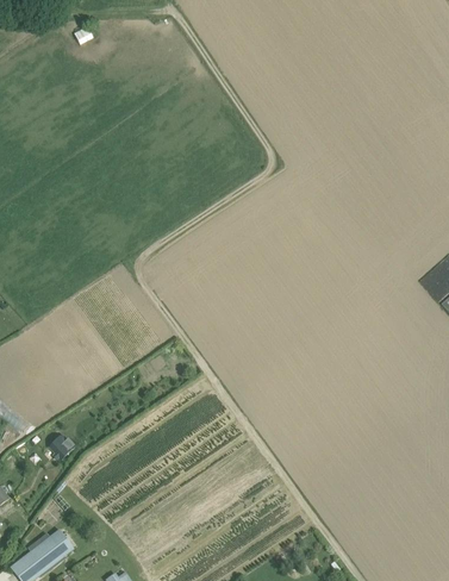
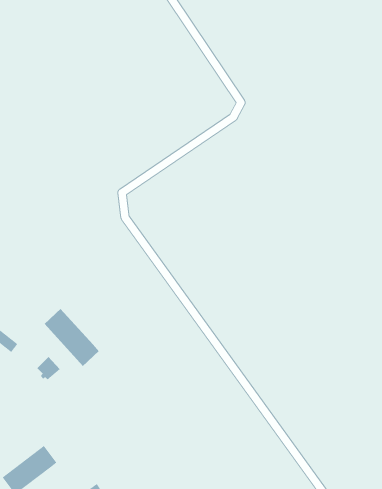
building: none -> [44,308,99,367]

